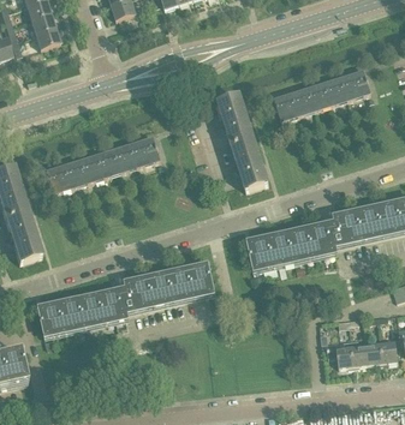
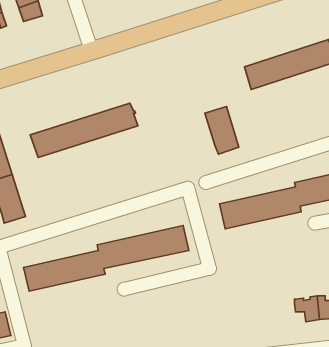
building: [218,94,255,145] -> none

